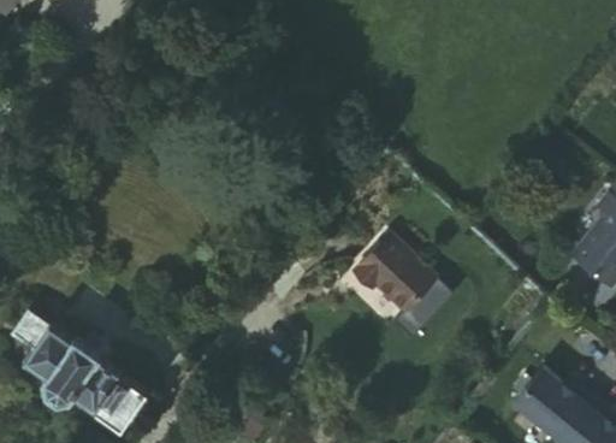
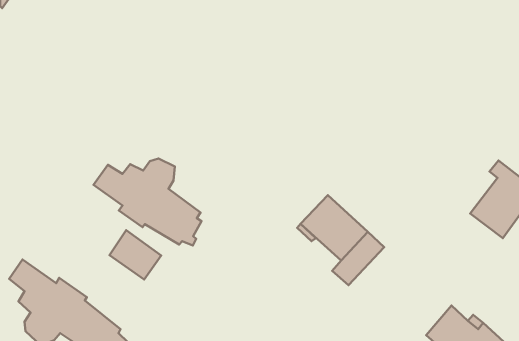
building: none -> [93,158,202,246]
building: none -> [109,230,161,280]

